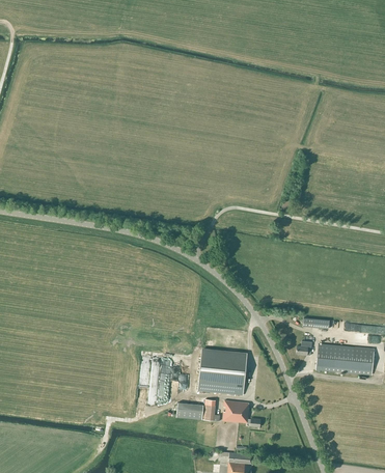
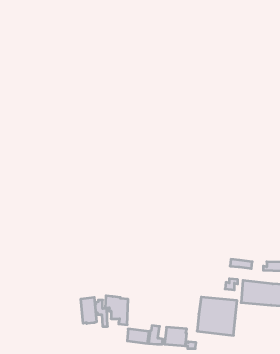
building: [198,349,247,395] -> [197,297,237,335]
building: none -> [81,297,97,324]

